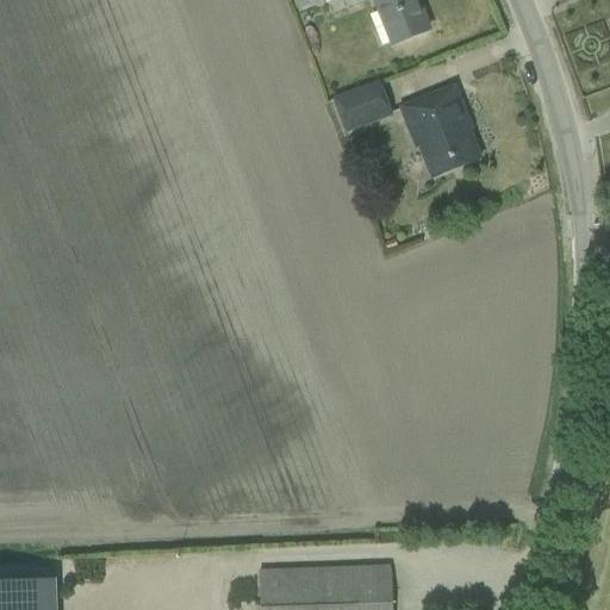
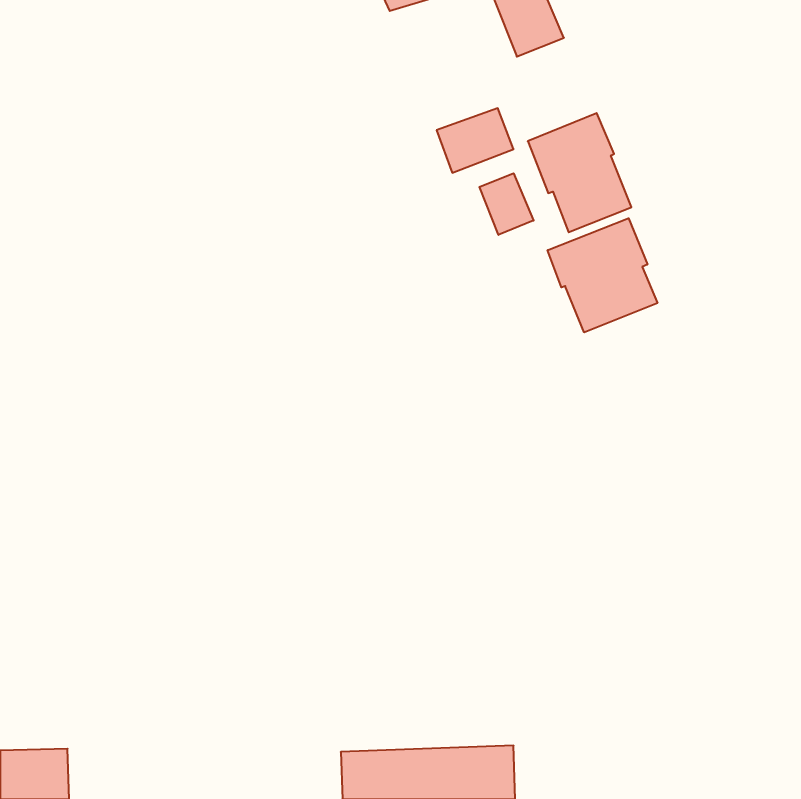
building: none -> [479,173,534,235]
building: none -> [548,218,657,332]

